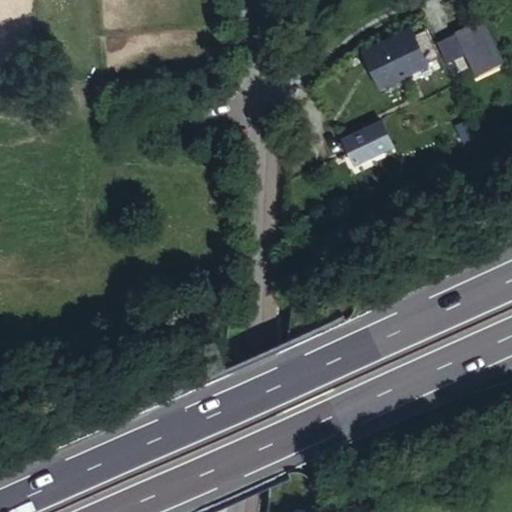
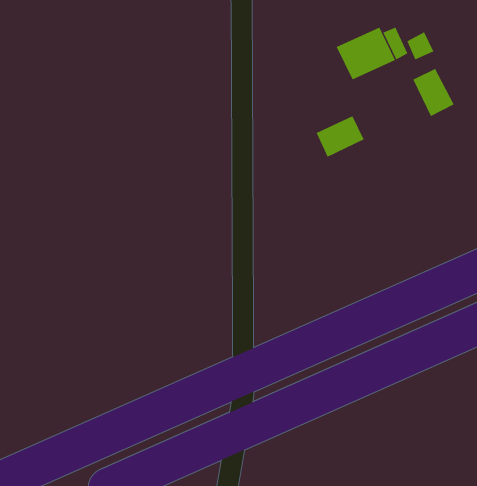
building: [456,23,500,74] -> [412,68,454,117]

